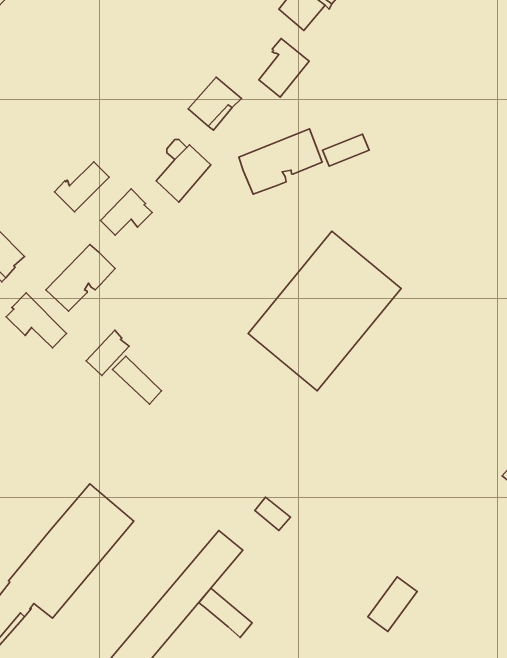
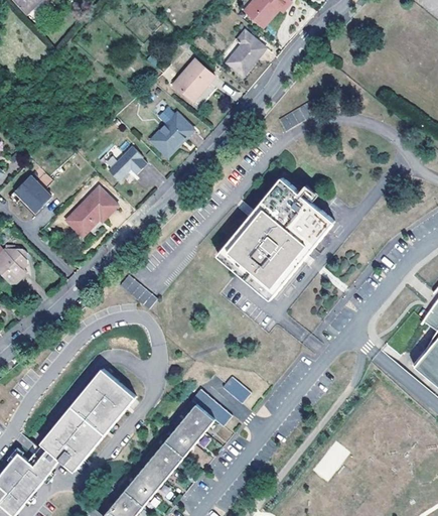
building: [239,129,322,194] -> none
building: [54,162,109,212] -> none
building: [6,293,67,348] -> none
building: [86,330,129,376] -> none
building: [199,588,252,637] -> [194,390,235,427]

